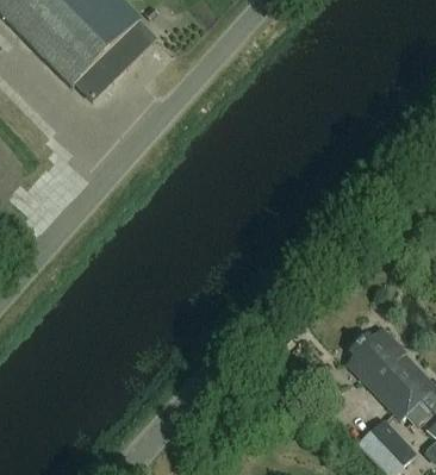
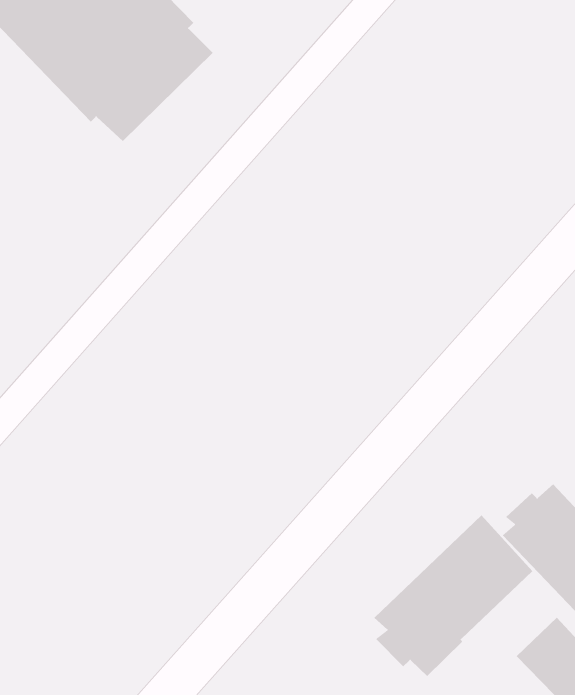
building: none -> [374,514,533,677]

